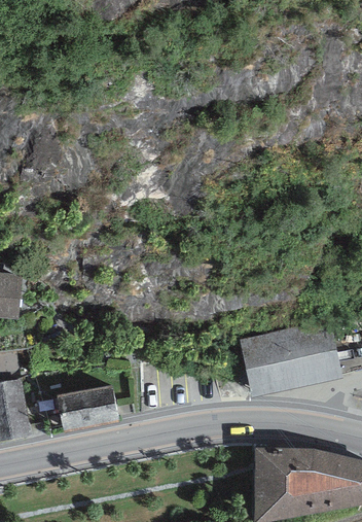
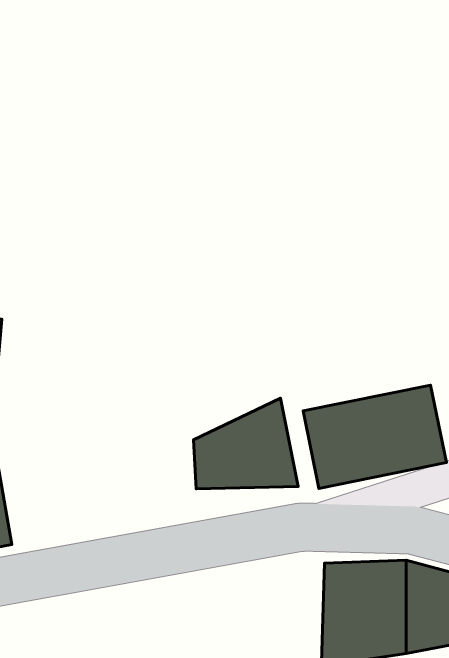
building: none -> [194,398,298,489]
building: [57,385,119,432] -> none

